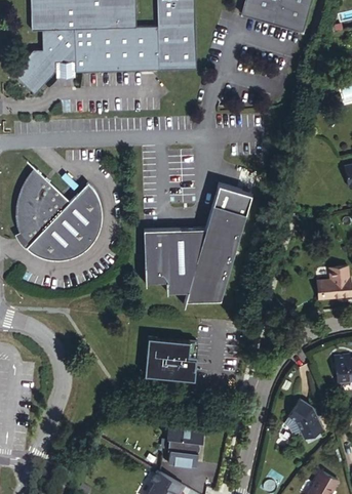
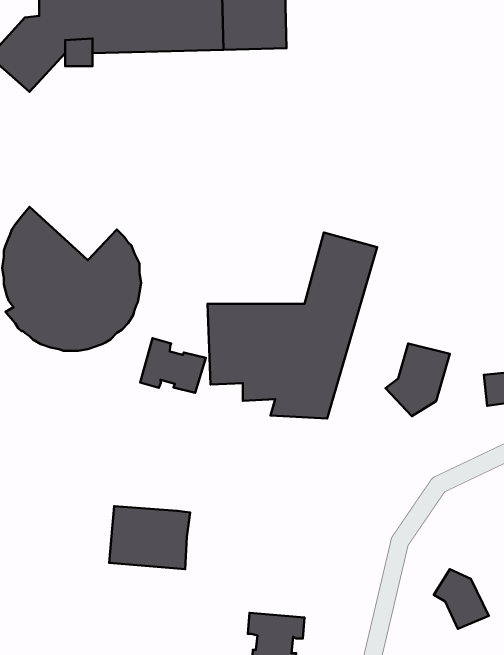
building: none -> [140,338,206,393]
building: none -> [385,344,450,416]
building: [146,337,197,377] -> [109,506,190,569]

